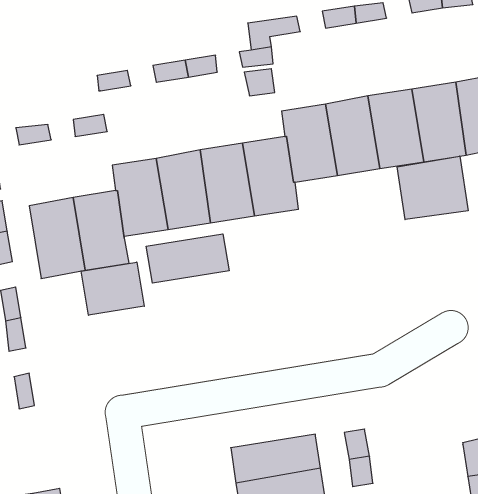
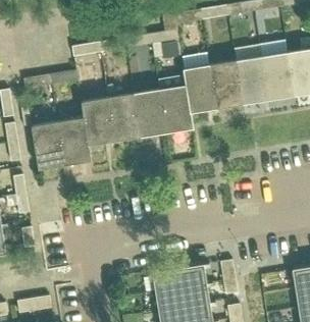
building: [397,156,468,220] -> none
building: [146,234,229,283] -> none
building: [81,262,144,315] -> none

